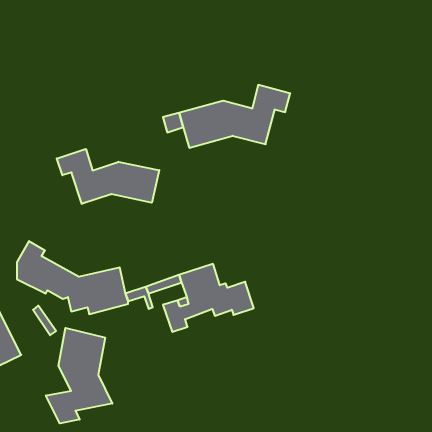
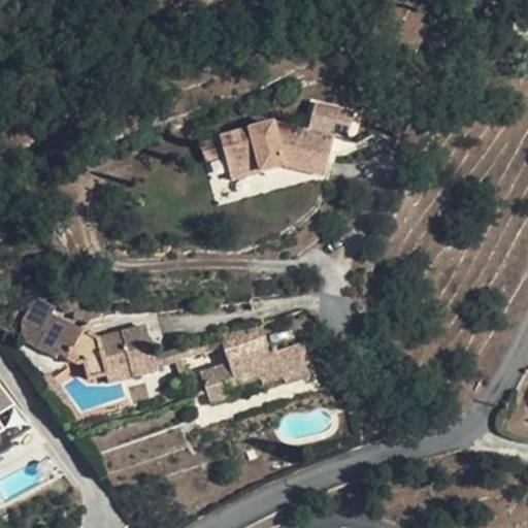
building: [57,149,159,204] -> none
building: [46,328,112,423] -> none

